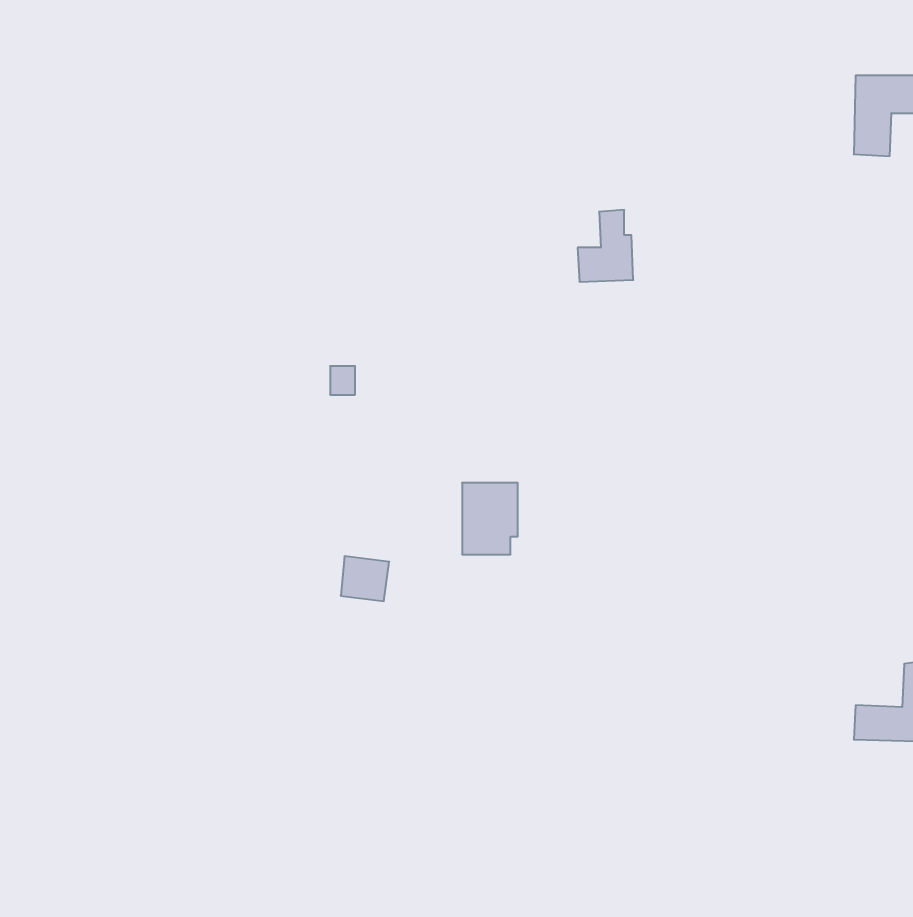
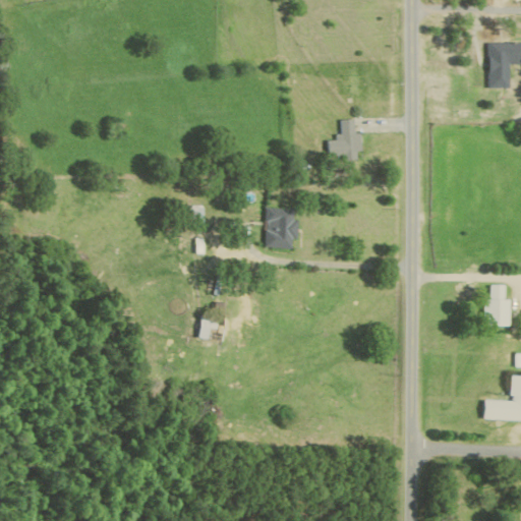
building: [462,483,518,554] -> [265,208,296,248]
building: none -> [486,285,513,327]

